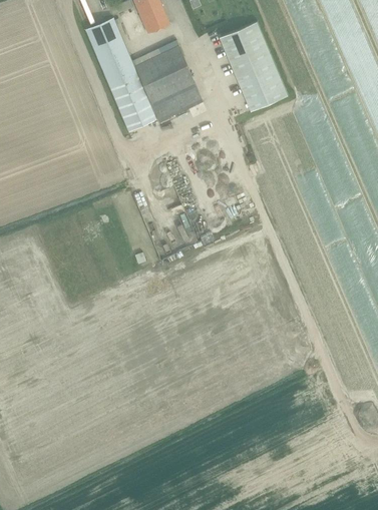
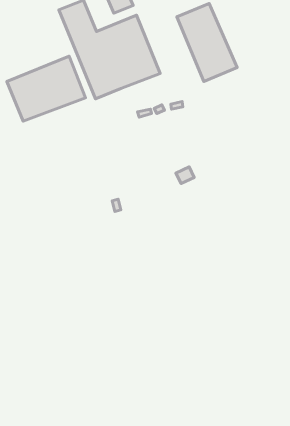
building: none -> [7,56,86,121]

